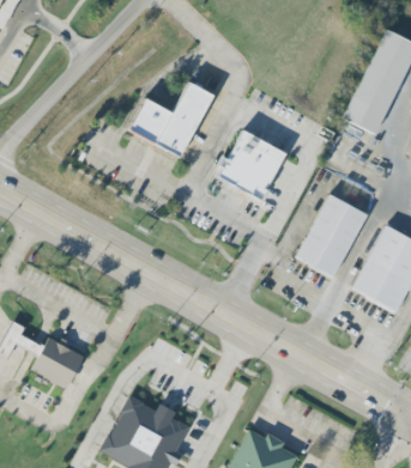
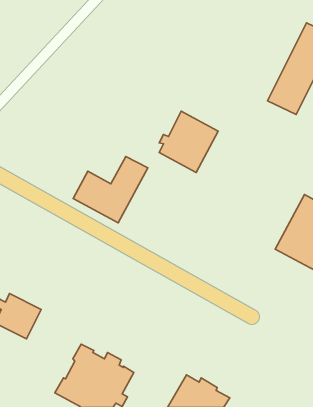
building: [128,81,213,157] -> [73,156,148,223]
building: [295,195,367,278] -> none

